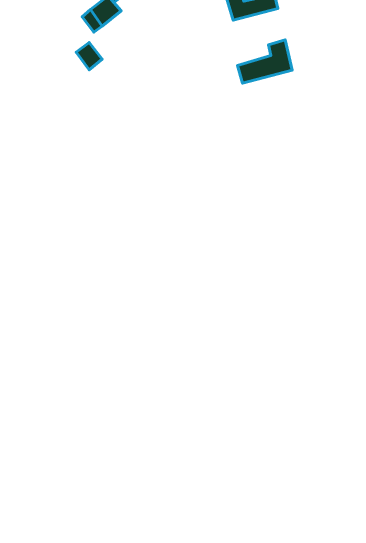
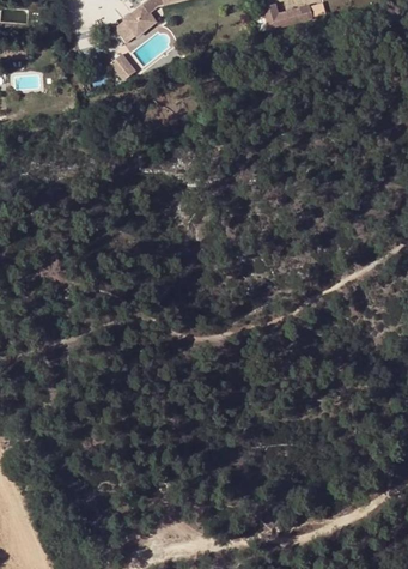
building: [238,40,292,83] -> none

